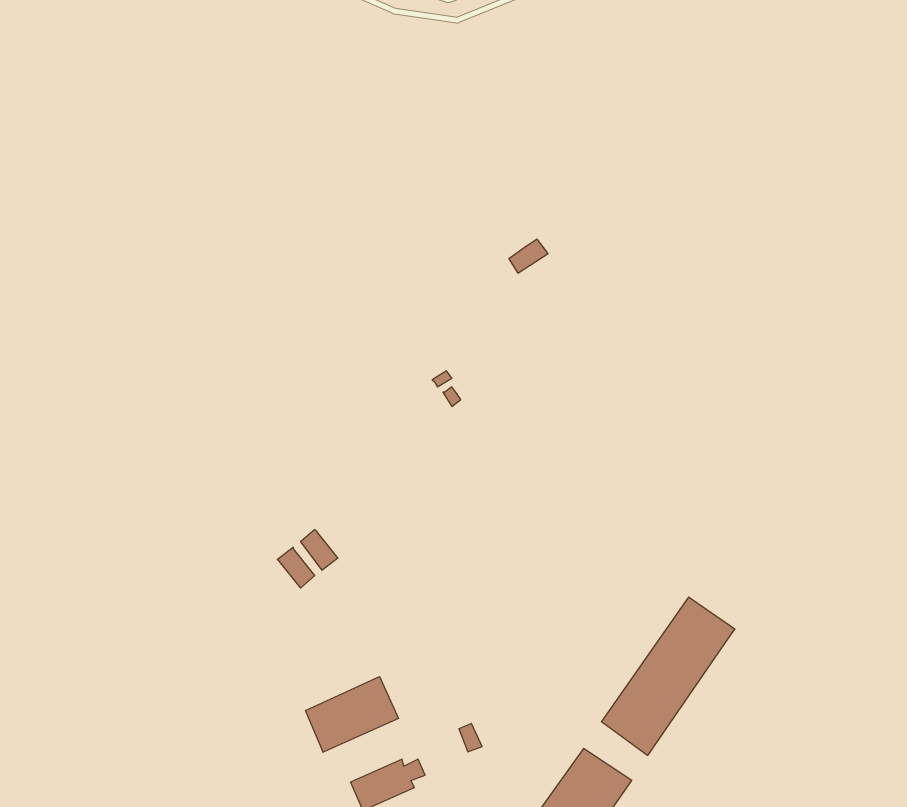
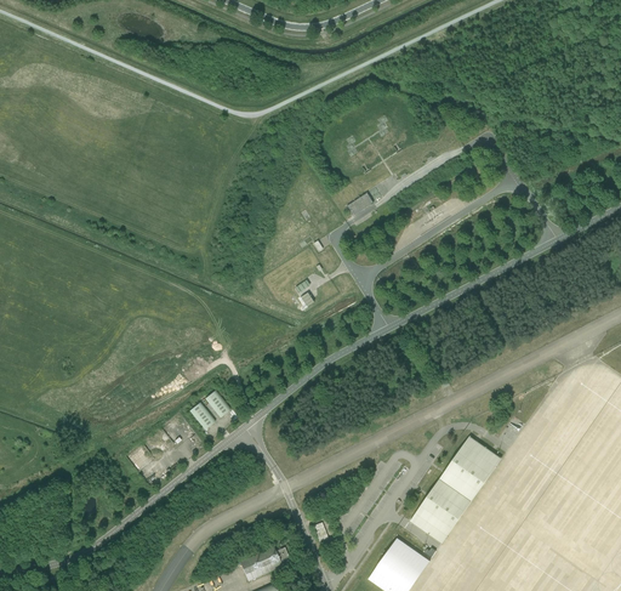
building: [306,677,399,752] -> none

